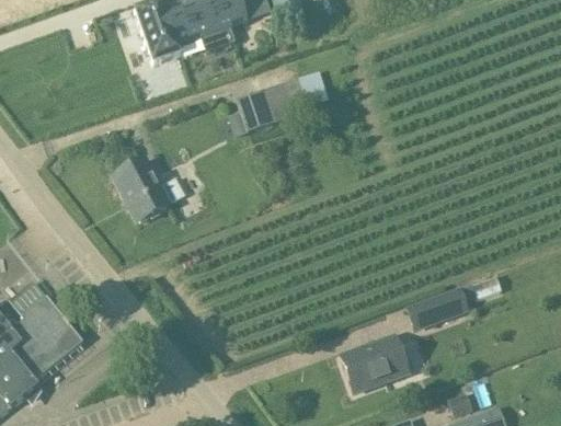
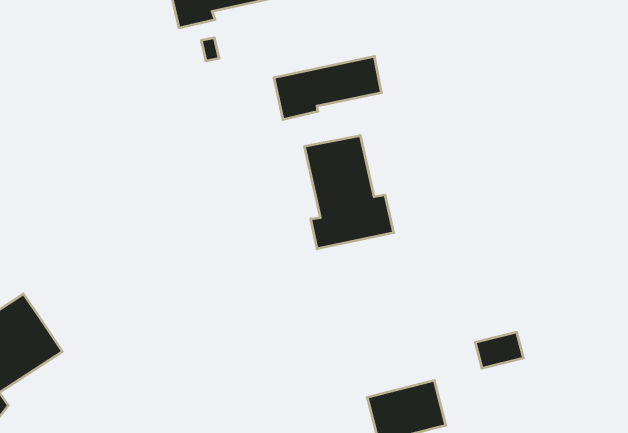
building: none -> [305,135,394,249]
building: [111,158,185,223] -> none

